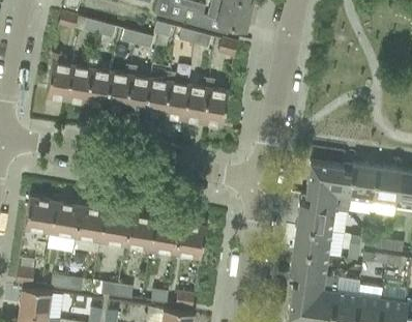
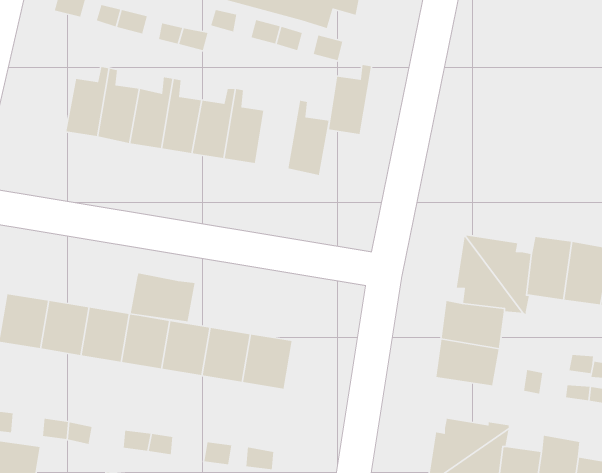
building: [47,52,72,98] -> none
building: [183,78,210,121] -> [328,64,372,135]
building: none -> [130,272,195,322]
building: [290,250,329,279] -> none

